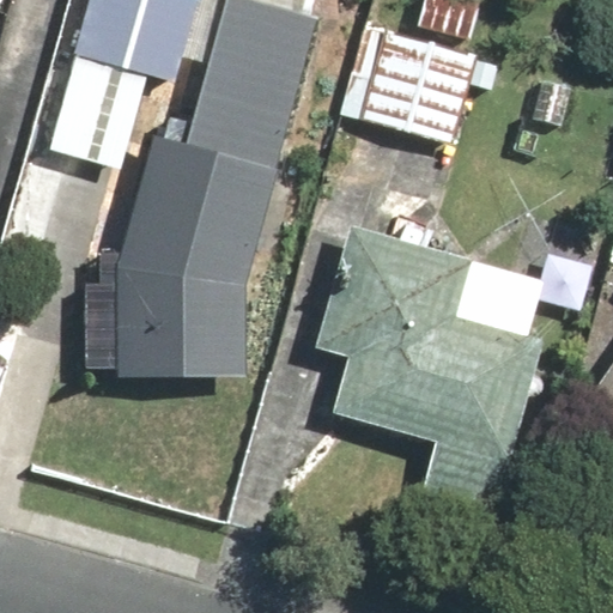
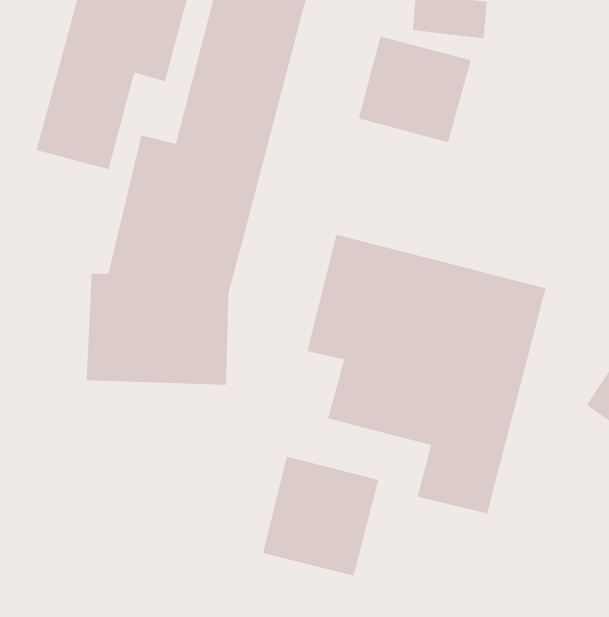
building: none -> [262,456,379,577]

